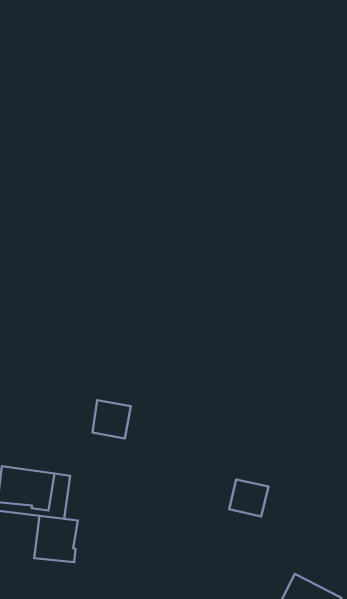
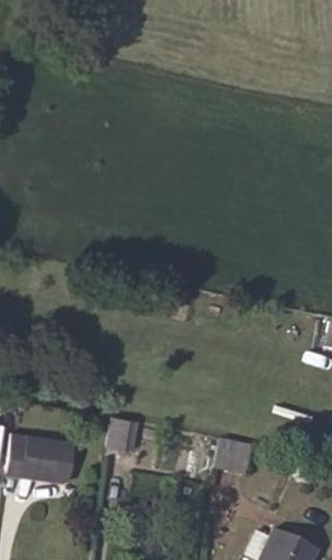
building: [92,400,131,438] -> [108,416,143,451]
building: [34,516,78,562] -> none

